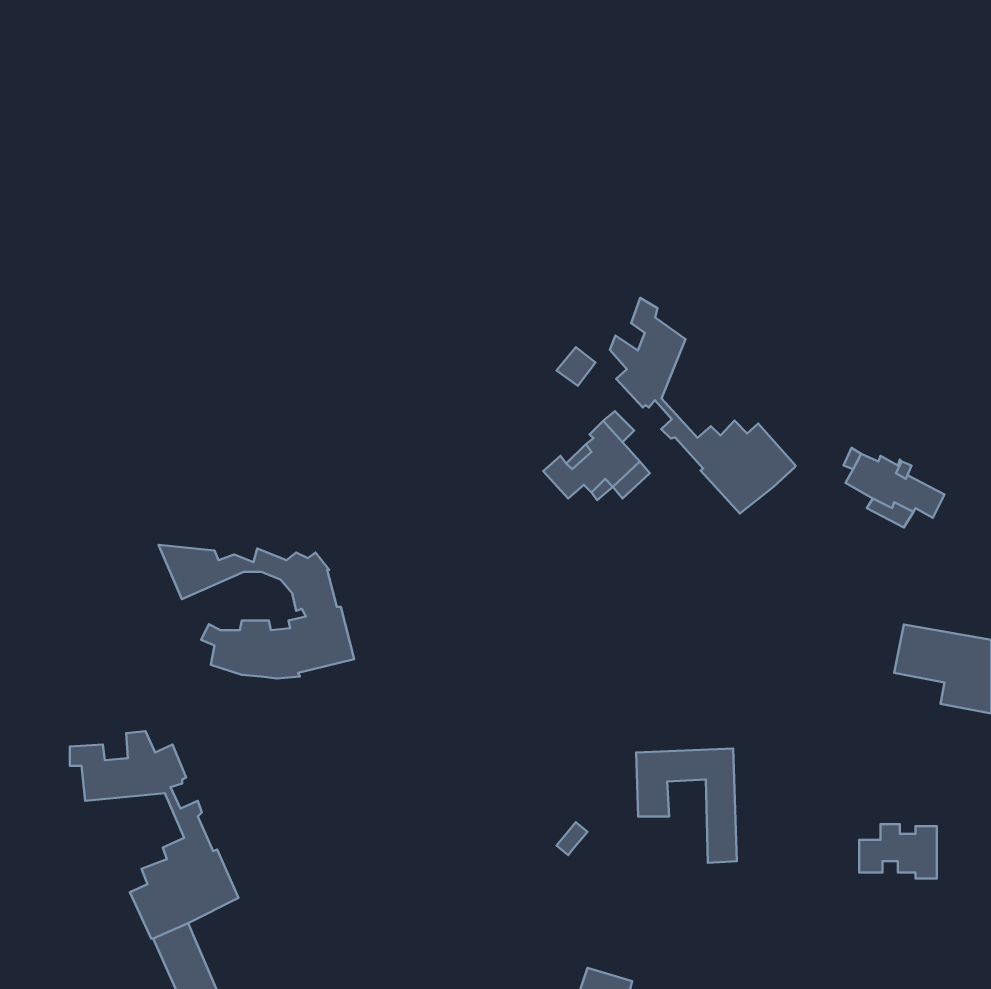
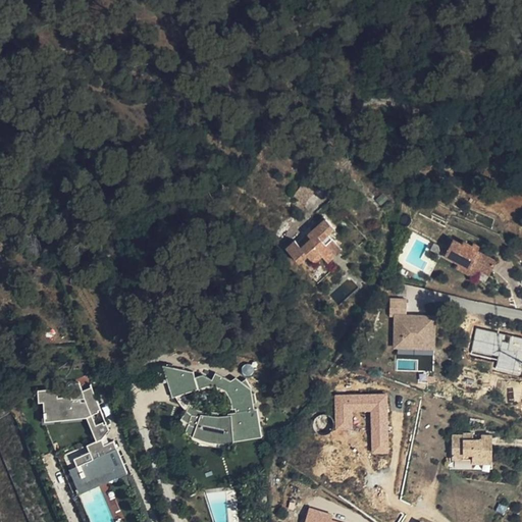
building: [610,298,795,513] -> none
building: [158,545,354,679] -> [157,370,260,440]
building: none -> [389,300,434,349]

